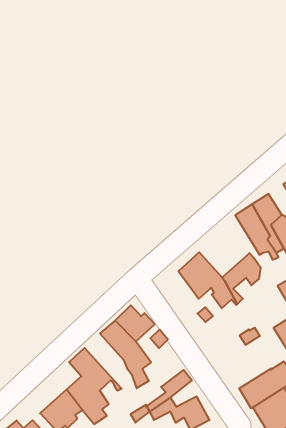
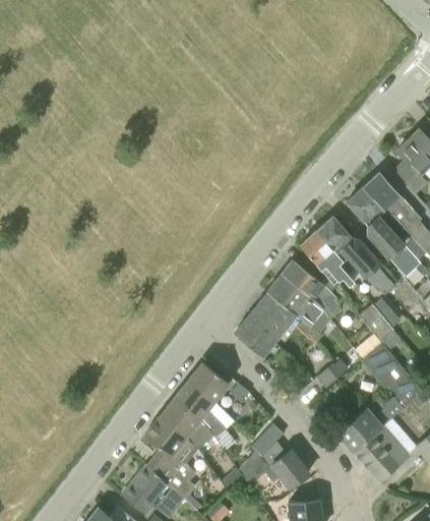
building: none -> [267,259,322,315]
building: none -> [234,316,275,357]
building: none -> [160,399,210,455]

